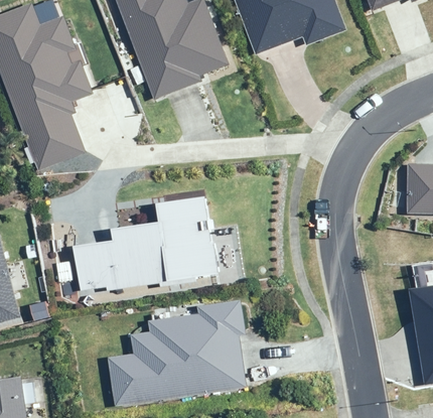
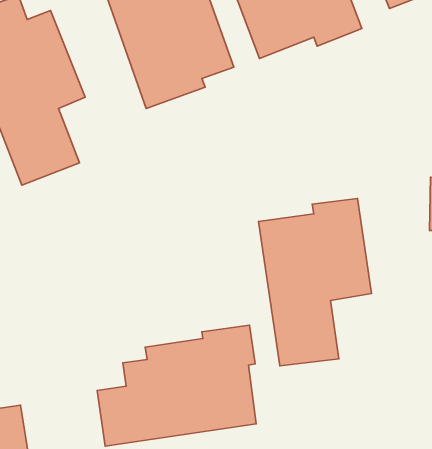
building: none -> [259,198,372,366]
building: [77,196,218,293] -> none

